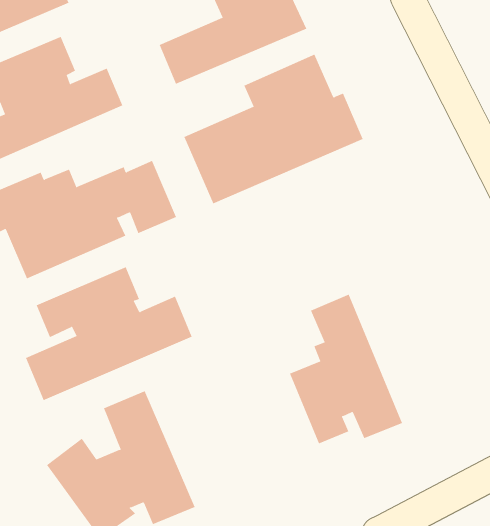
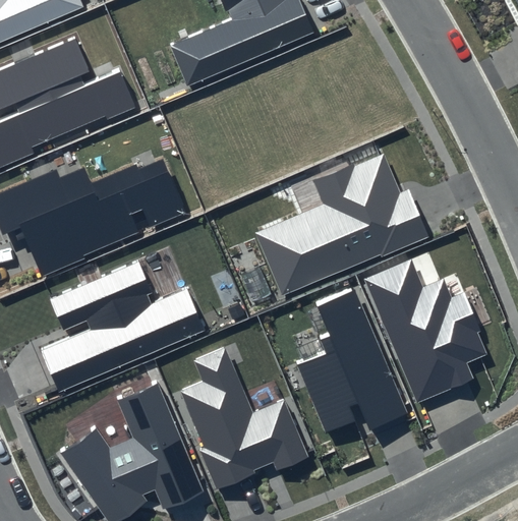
building: [184,54,363,204] -> [253,152,427,297]
building: none -> [363,257,485,403]
building: none -> [178,346,308,488]

